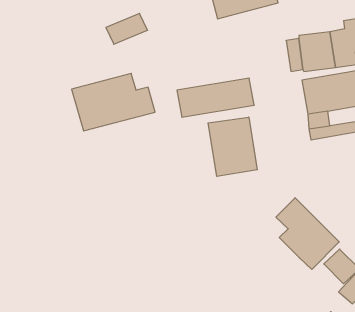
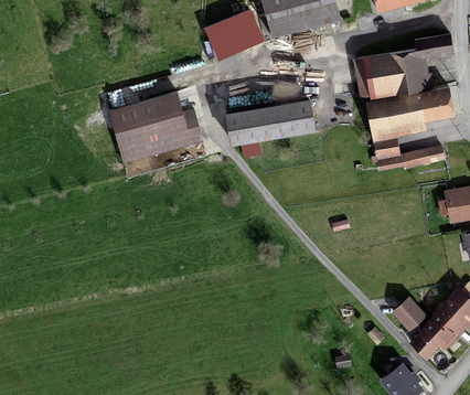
building: [106,13,148,44] -> [215,20,261,54]
building: [208,117,257,176] -> none
building: [276,198,339,269] -> none

